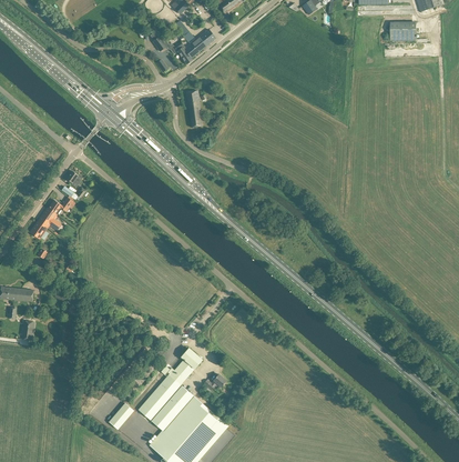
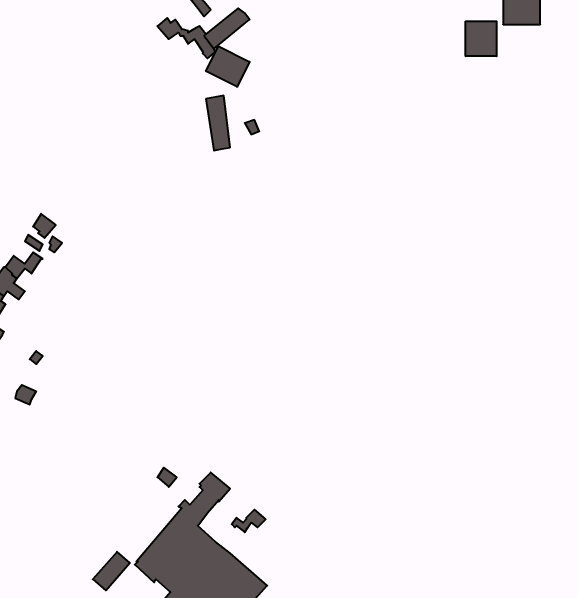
building: none -> [466,21,497,56]
building: none -> [206,46,250,87]

